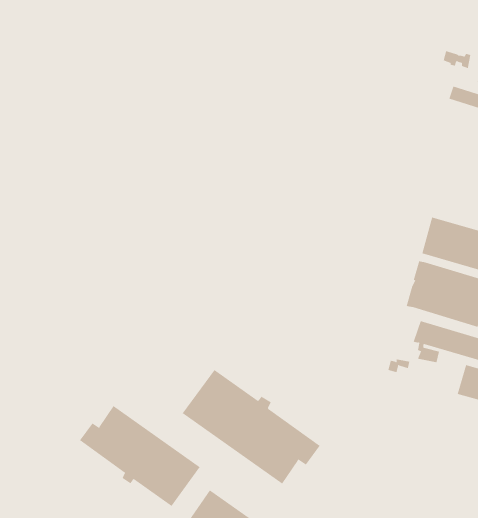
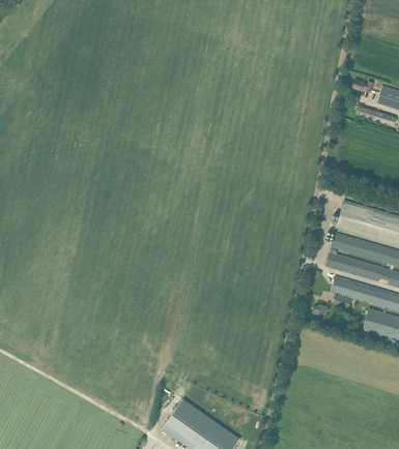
building: [182,369,320,484] -> none
building: [79,405,201,507] -> none

